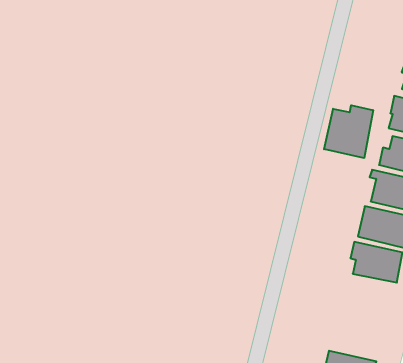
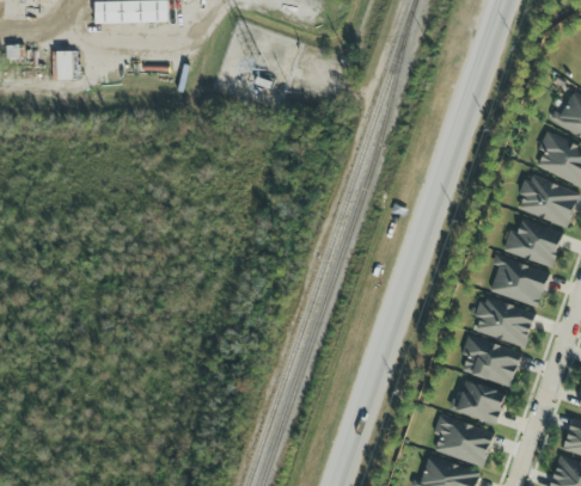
building: [324,105,373,158] -> none
building: none -> [448,381,507,424]
building: none -> [433,414,495,467]

